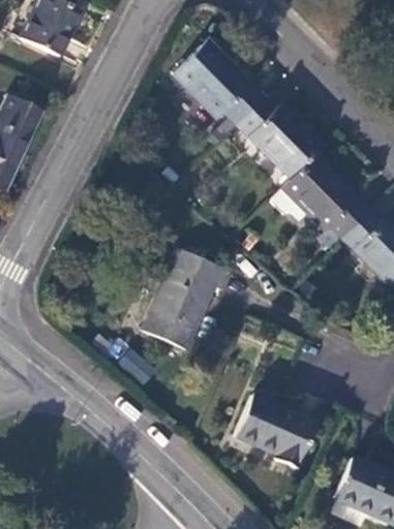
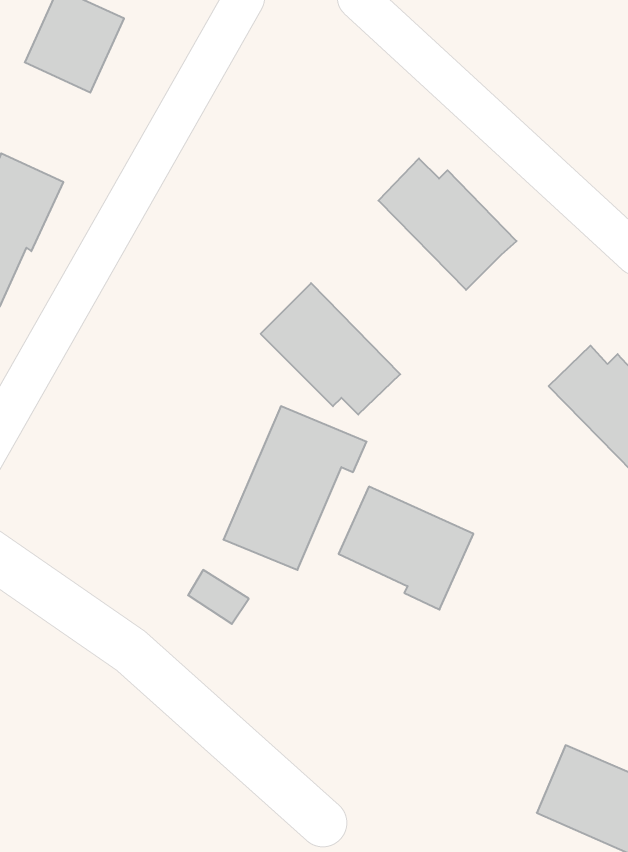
building: [173,42,262,124] -> none
building: [281,157,367,238] -> [261,283,400,415]
building: [234,395,316,470] -> [339,487,473,610]

